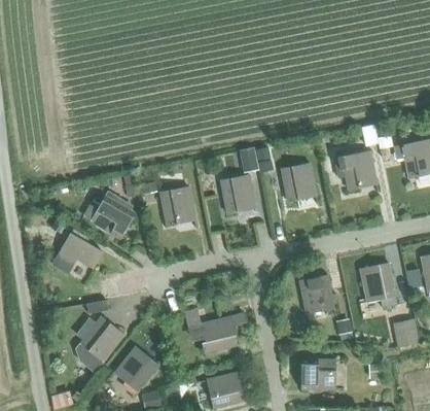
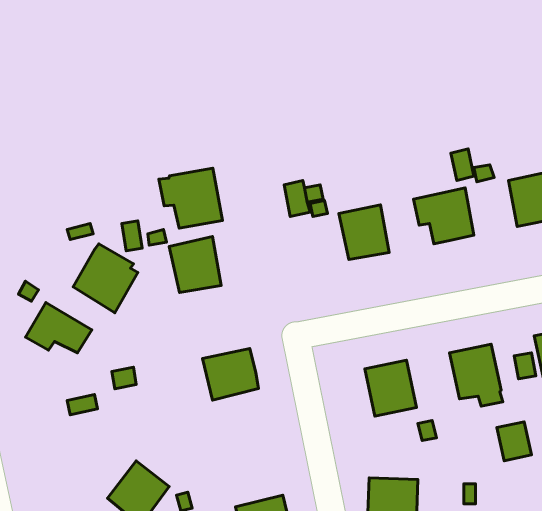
building: none -> [159,168,223,228]
building: [219,174,256,214] -> none
building: [75,316,124,372] -> none
building: [198,316,238,353] -> [203,348,259,400]

